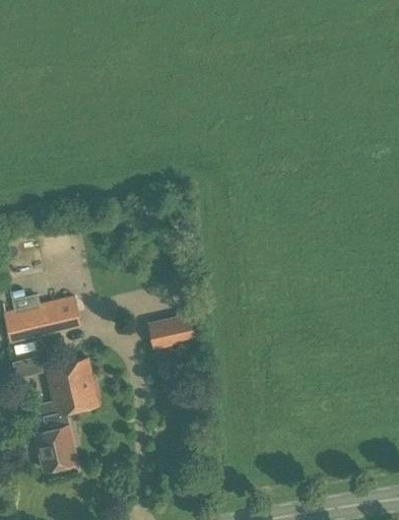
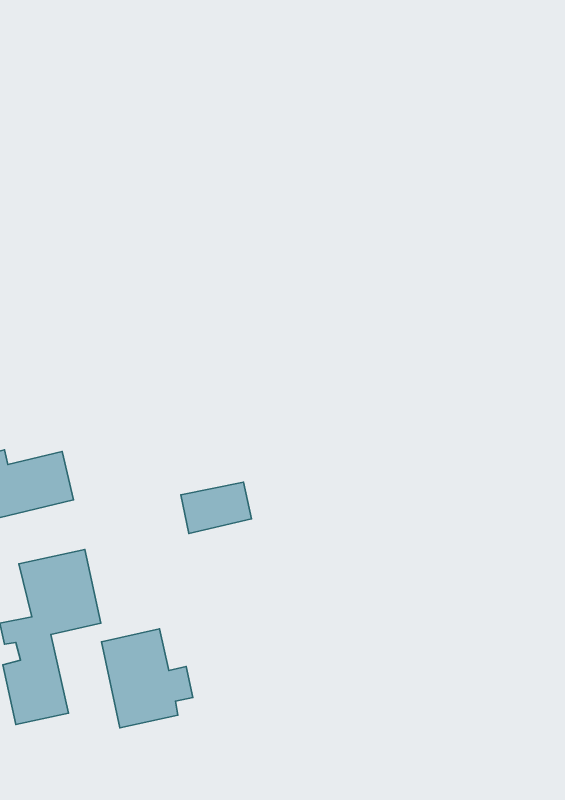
building: none -> [101,629,193,728]

